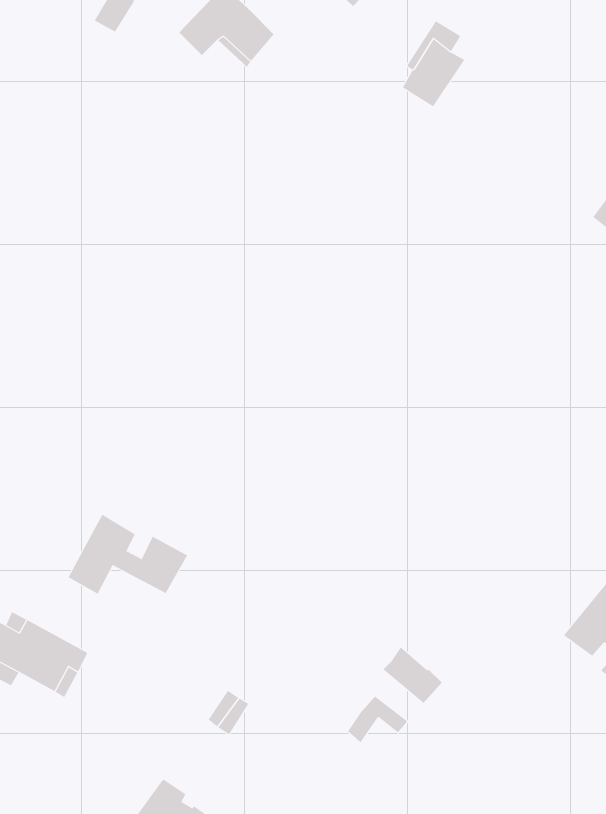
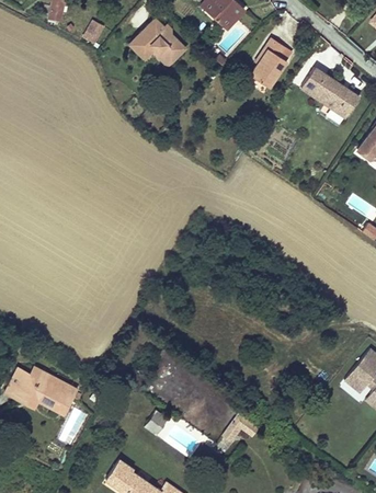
building: none -> [303,65,361,115]
building: [68,514,188,595] -> none
building: [382,647,443,704] -> none

